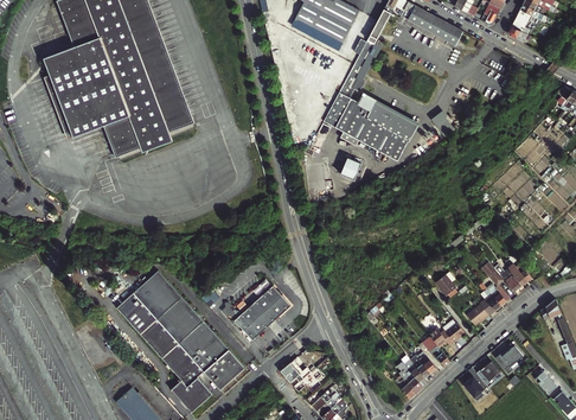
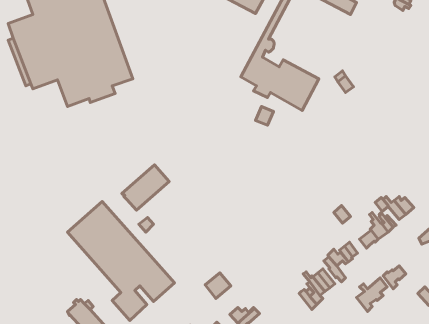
building: [235,286,292,341] -> [122,165,169,210]

